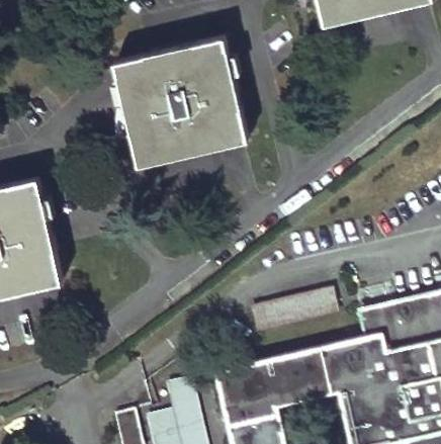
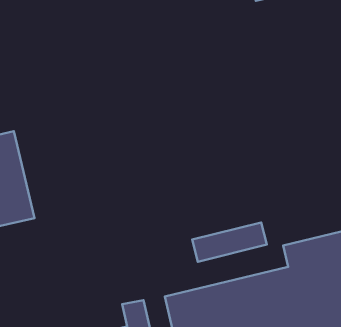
building: [114,37,247,167] -> none

